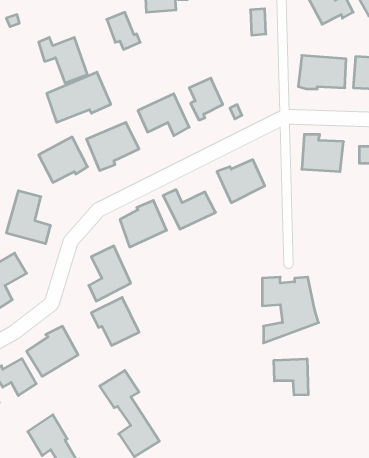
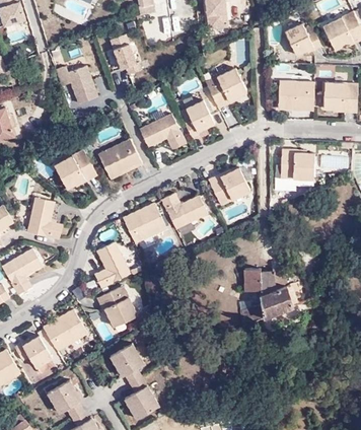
building: none -> [206,67,244,106]
building: [47,72,111,122] -> none
building: [274,359,308,395] -> none

